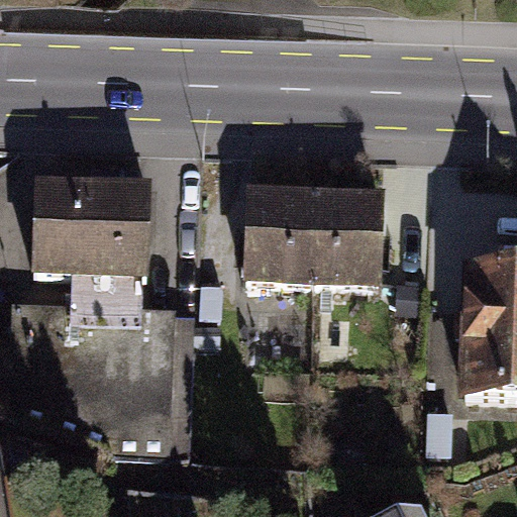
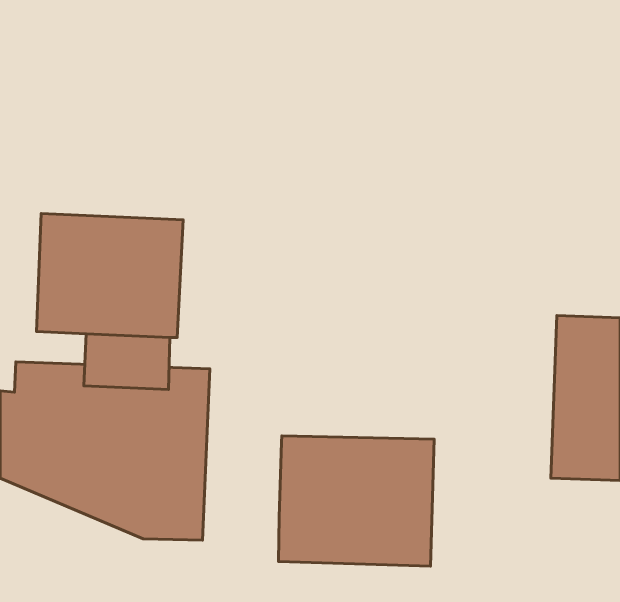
building: [243,185,386,288] -> none
building: none -> [278,436,434,566]

